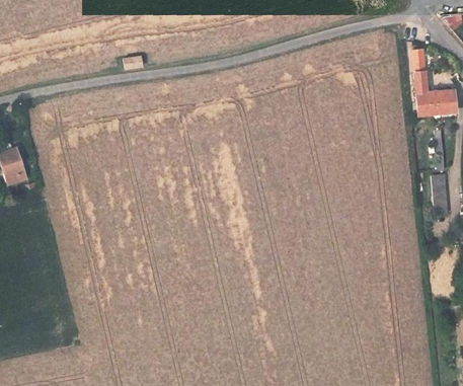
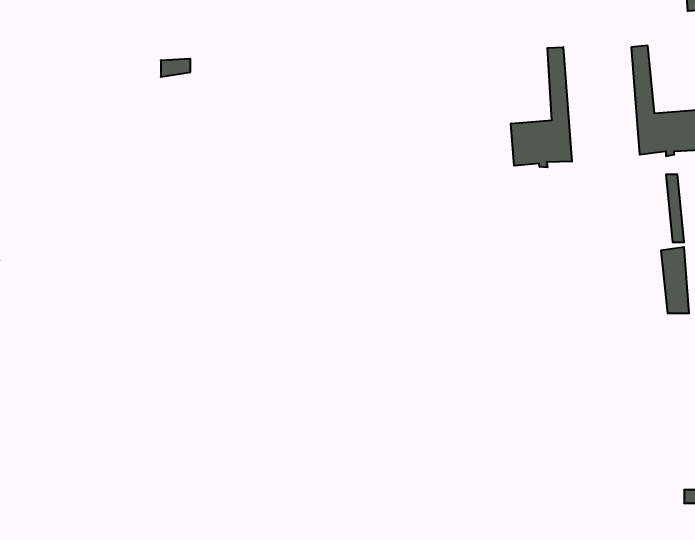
building: none -> [511,47,572,167]

